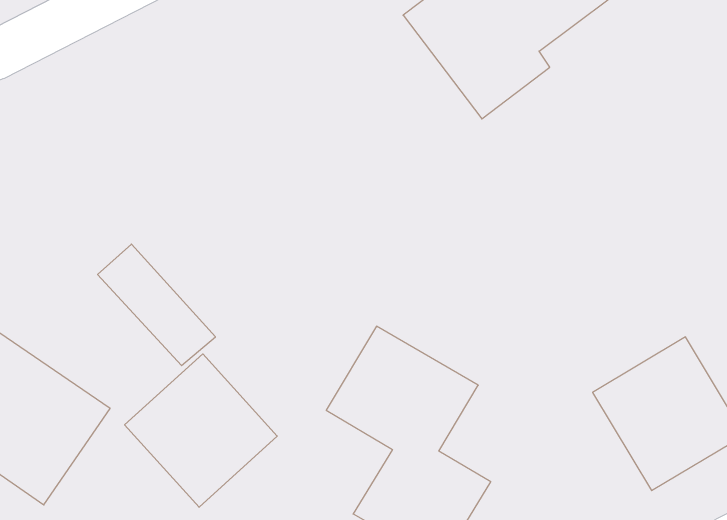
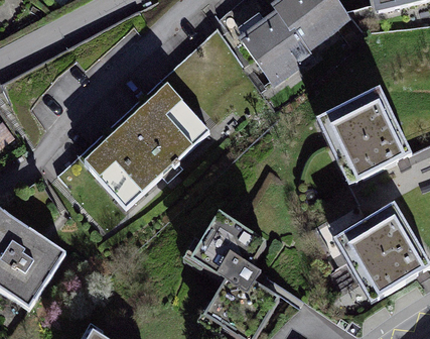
building: none -> [83,85,212,210]
building: none -> [322,97,407,182]
building: [125,354,277,507] -> none

